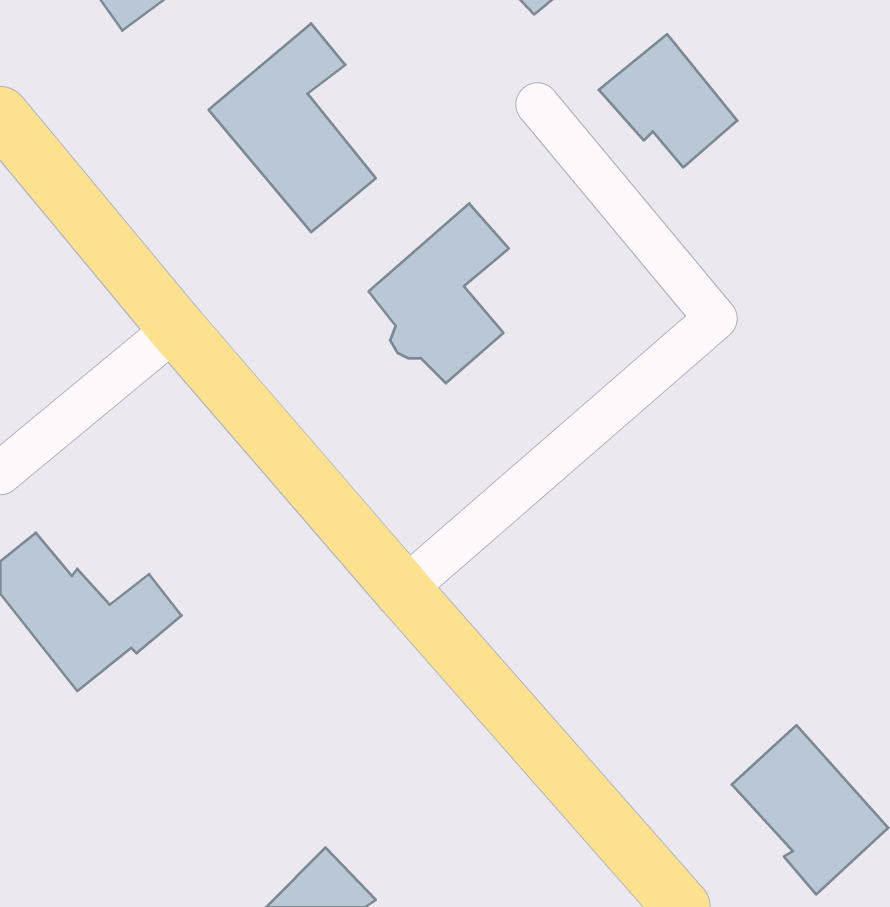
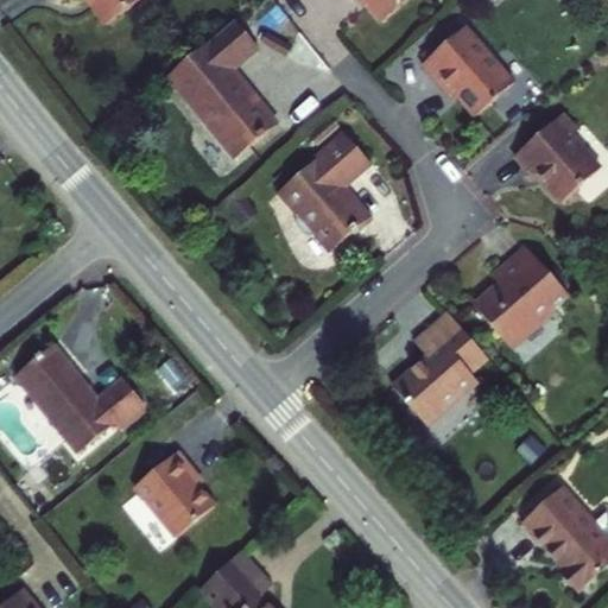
building: none -> [508,103,595,192]
building: none -> [467,238,562,340]
building: none -> [385,304,480,419]
building: none -> [126,457,208,546]

